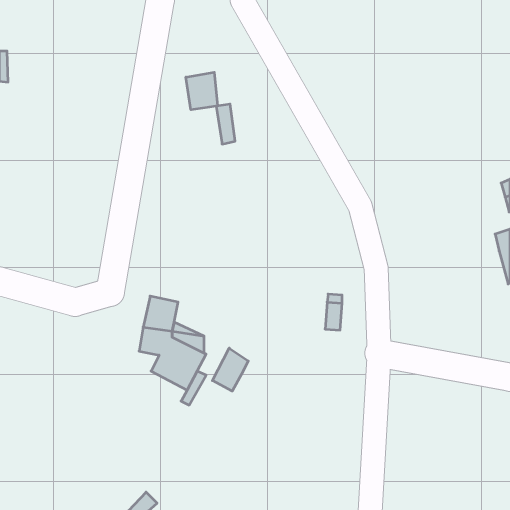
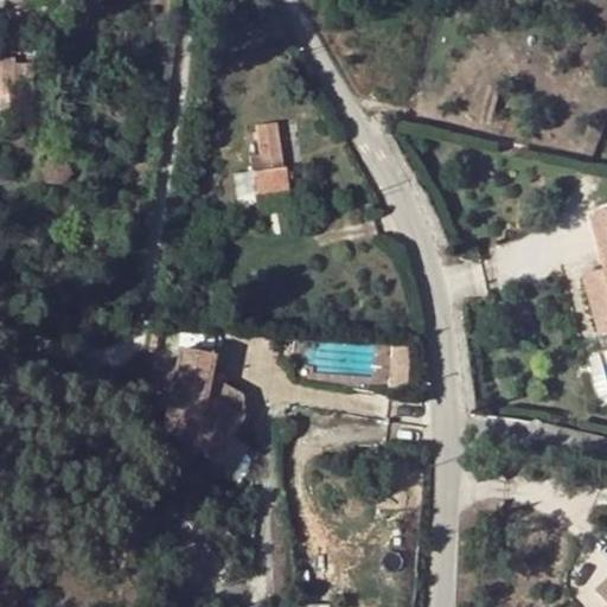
building: [186,72,218,110] -> none
building: [212,348,248,391] -> none

